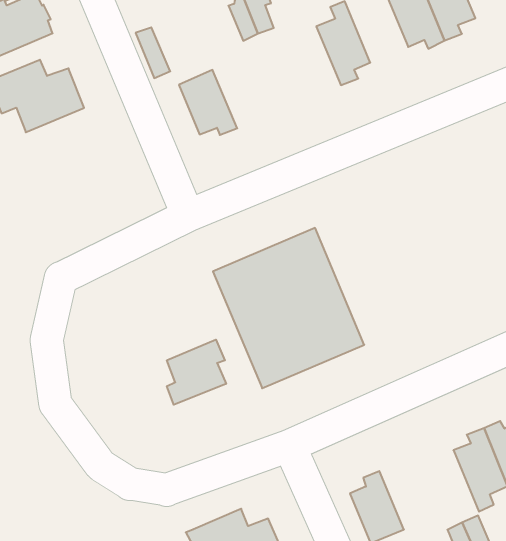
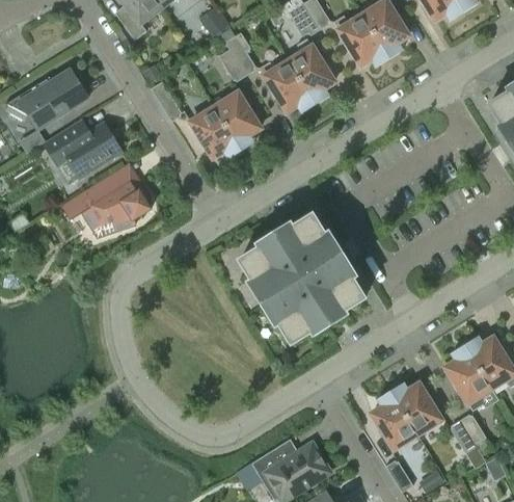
building: none -> [260,60,314,110]
building: none -> [214,91,260,148]
building: none -> [73,175,151,236]
building: [167,340,226,405] -> none
building: none -> [390,382,440,433]

